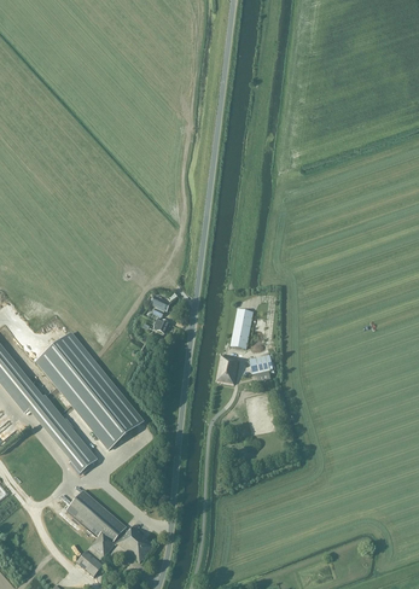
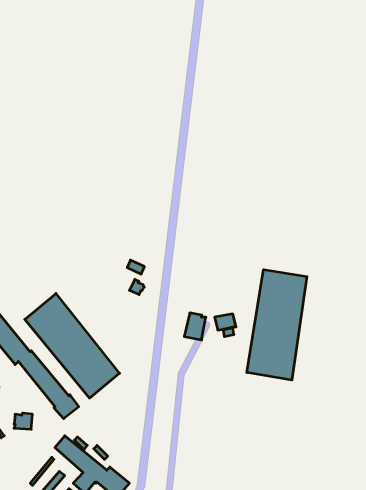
building: none -> [247,270,307,380]
building: [231,308,254,348] -> none

